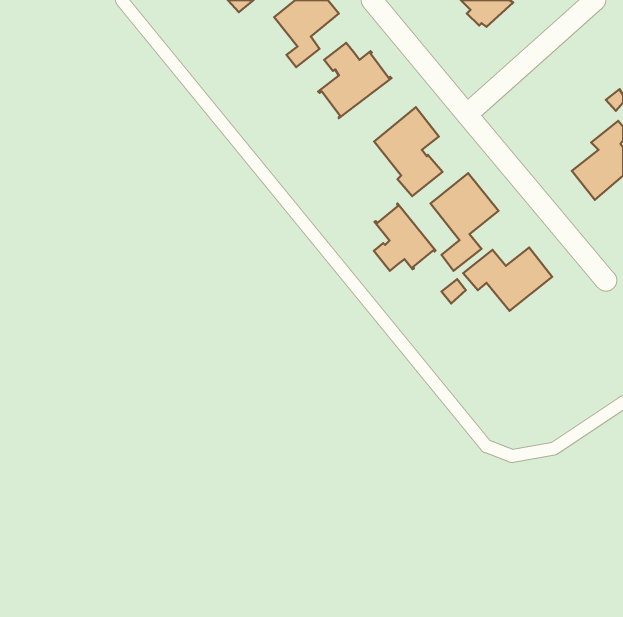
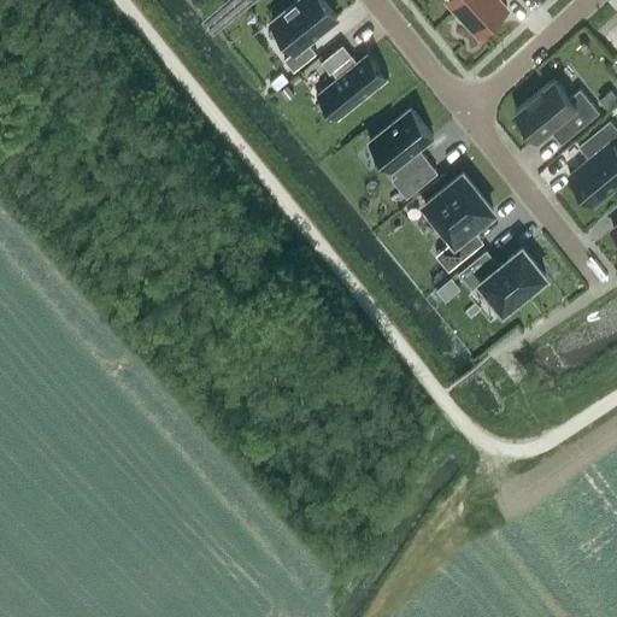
building: none -> [516,82,600,142]
building: [374,203,436,271] -> none

